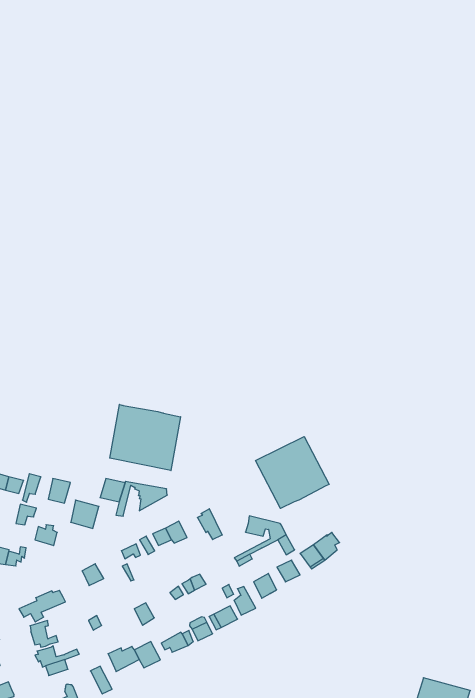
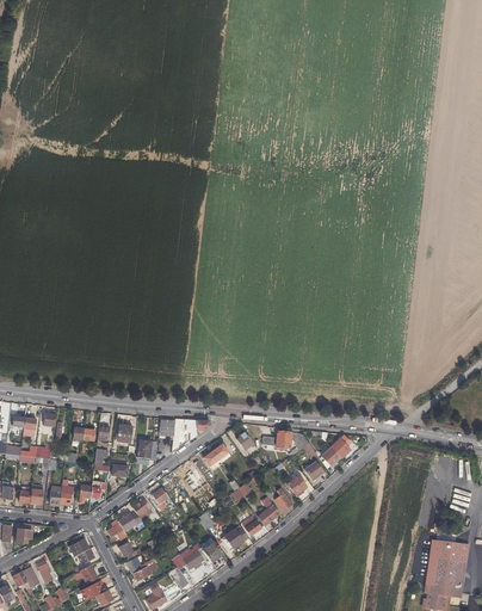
building: [110,404,181,471] -> none
building: [256,437,329,508] -> none

